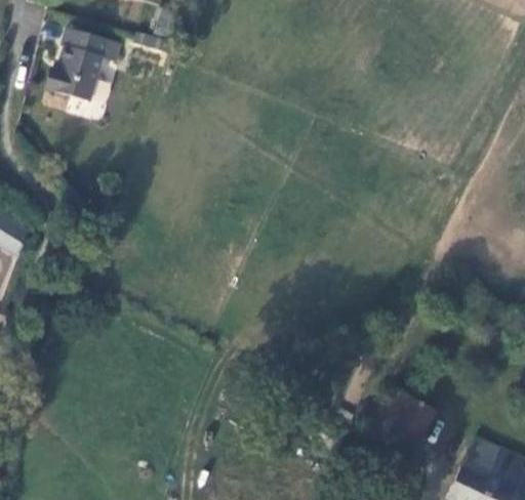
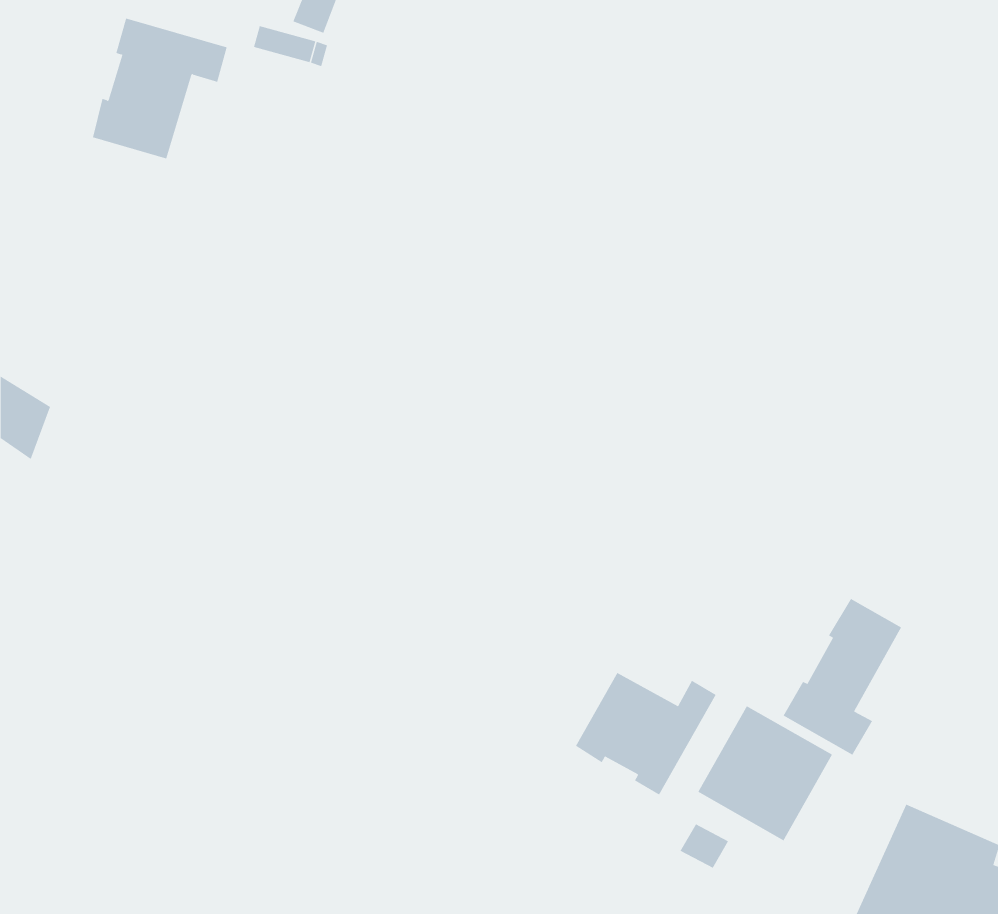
building: none -> [783,598,902,756]
building: none -> [575,672,717,795]

